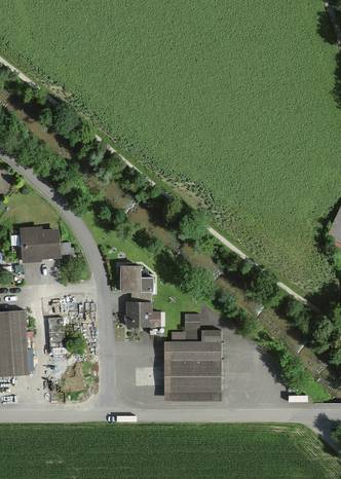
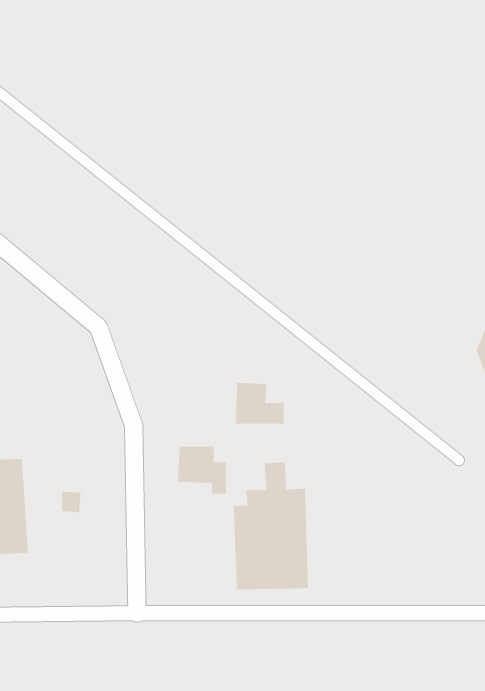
building: [22,227,62,262] -> none
building: [121,264,154,292] -> [235,382,284,424]

